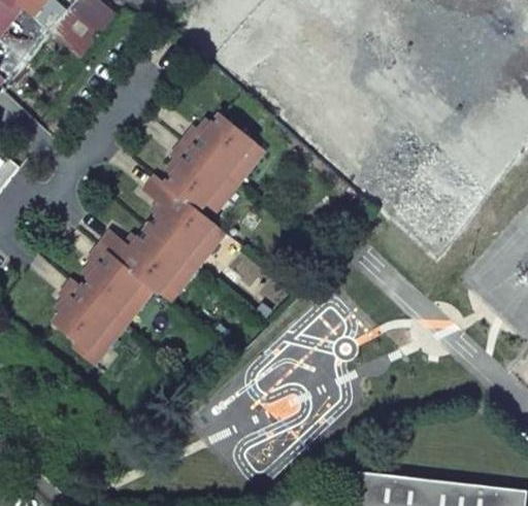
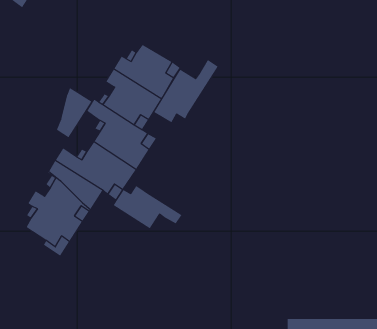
building: none -> [153,59,218,123]
building: none -> [56,87,92,138]
building: none -> [113,185,182,229]

